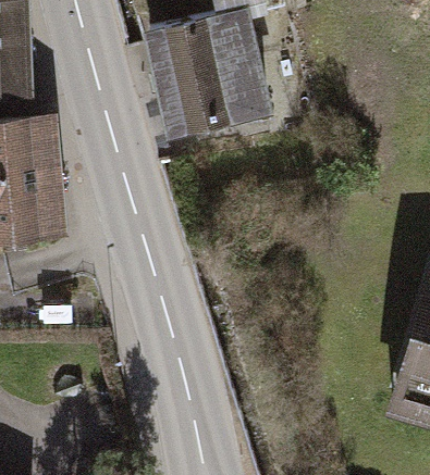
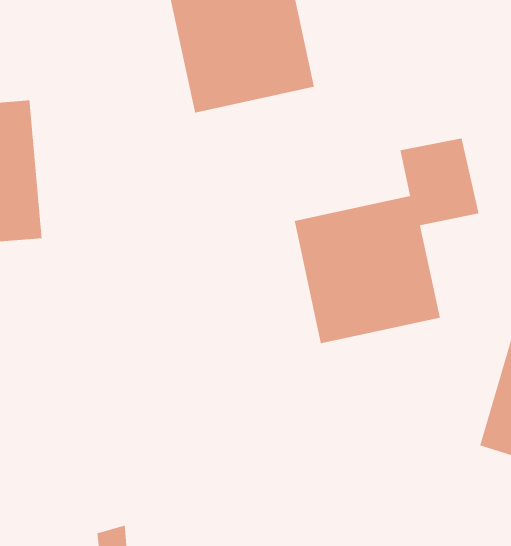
building: none -> [294,137,479,344]

